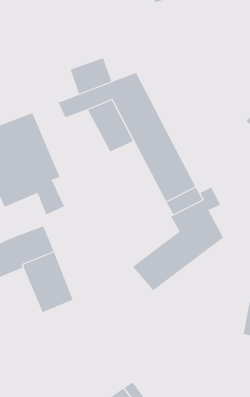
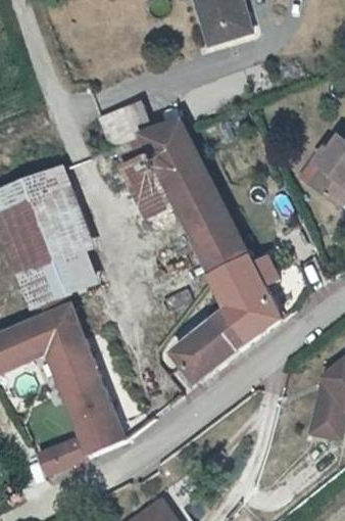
building: none -> [23,266,72,309]
building: none -> [38,391,124,473]

